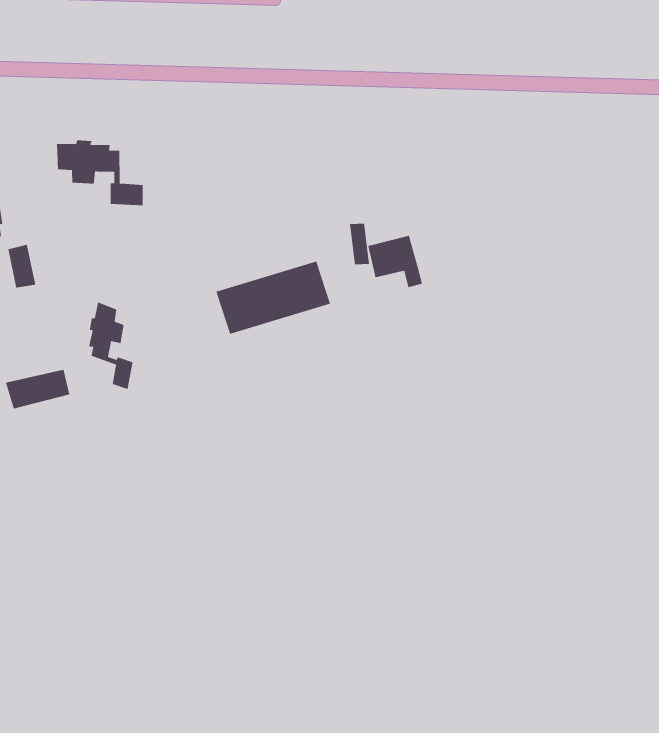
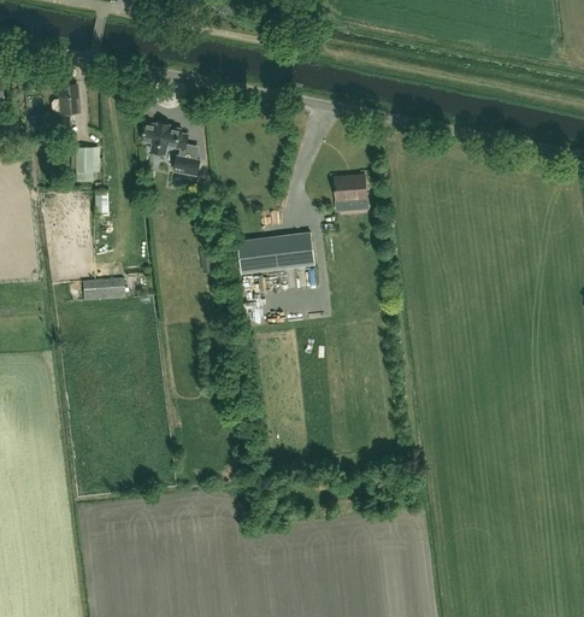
building: [368,235,423,288] -> [335,175,368,211]
building: [89,302,133,390] -> none

